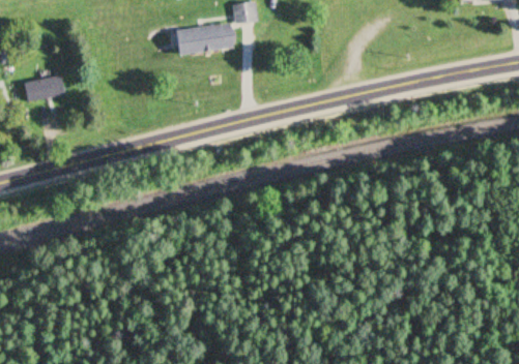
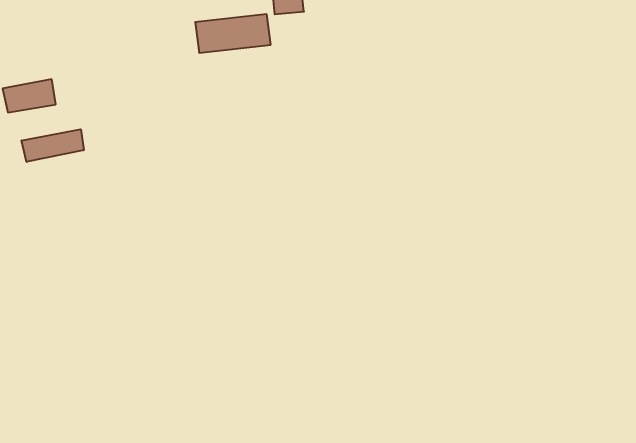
building: none -> [22,129,84,162]

